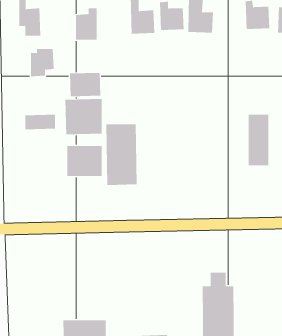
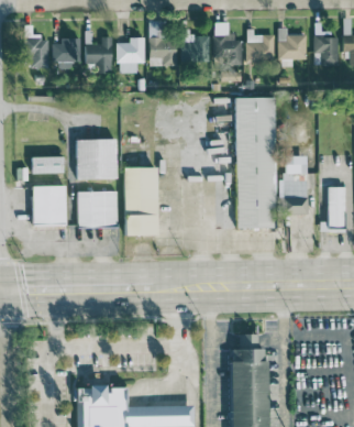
building: none -> [247,31,276,61]
building: none -> [119,36,147,73]
building: [30,49,55,77] -> [55,37,82,69]
building: none -> [234,97,274,227]
building: [70,72,101,97] -> none
building: none -> [31,185,68,225]

